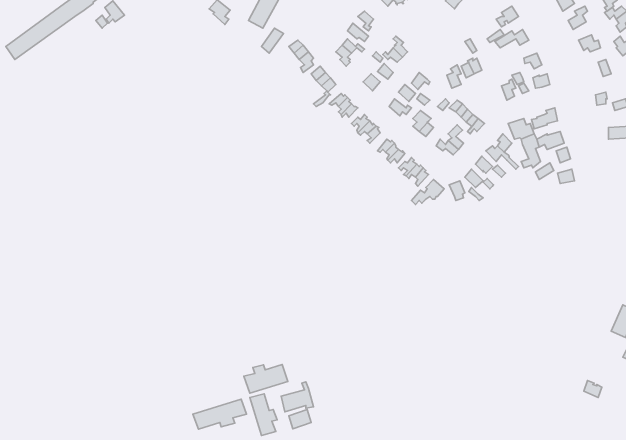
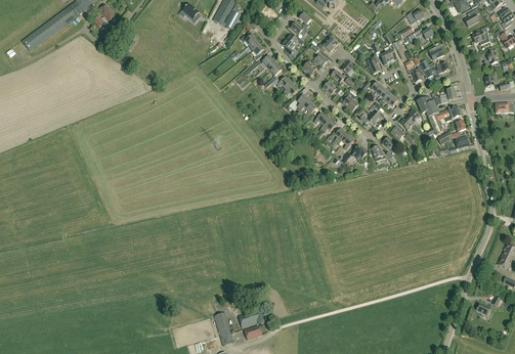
building: [244,364,288,393] -> none
building: [193,399,247,429] -> none

